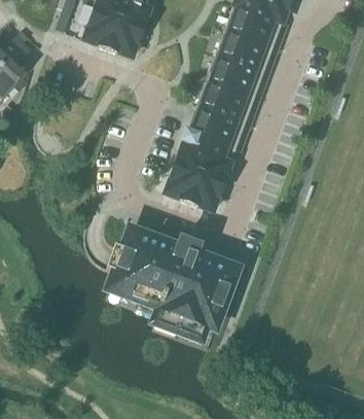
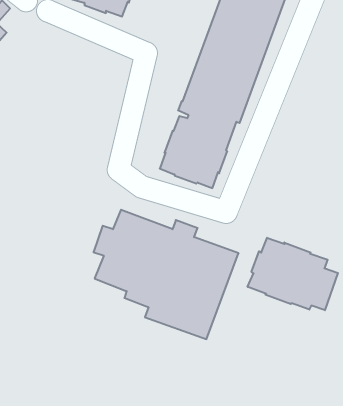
building: none -> [248,238,338,310]

